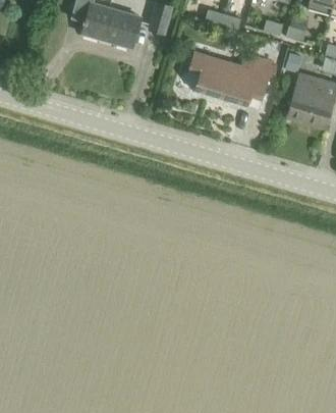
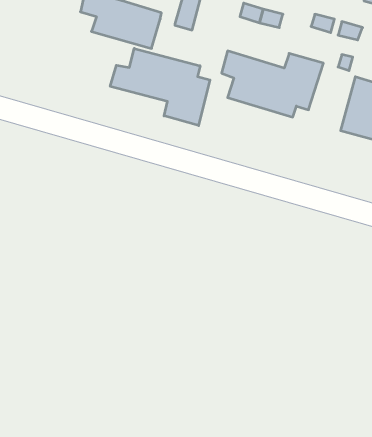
building: none -> [110,48,210,126]

